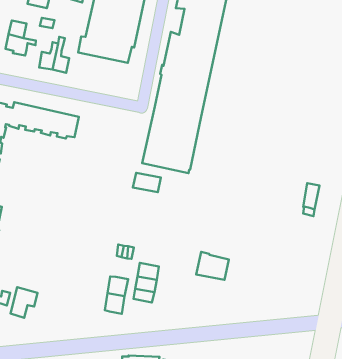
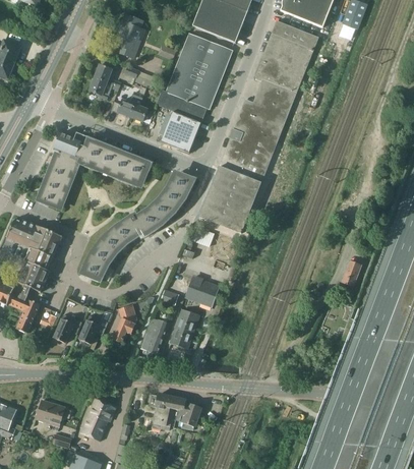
building: none -> [160,111,200,152]
building: none -> [80,174,191,277]
building: [196,252,229,280] -> [185,276,218,305]
building: none -> [112,305,136,342]
building: none -> [78,314,107,344]

